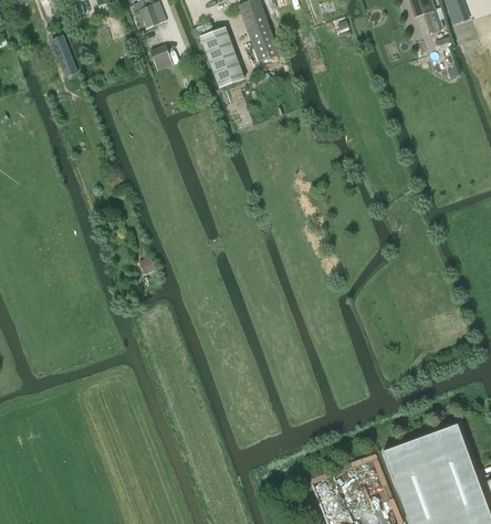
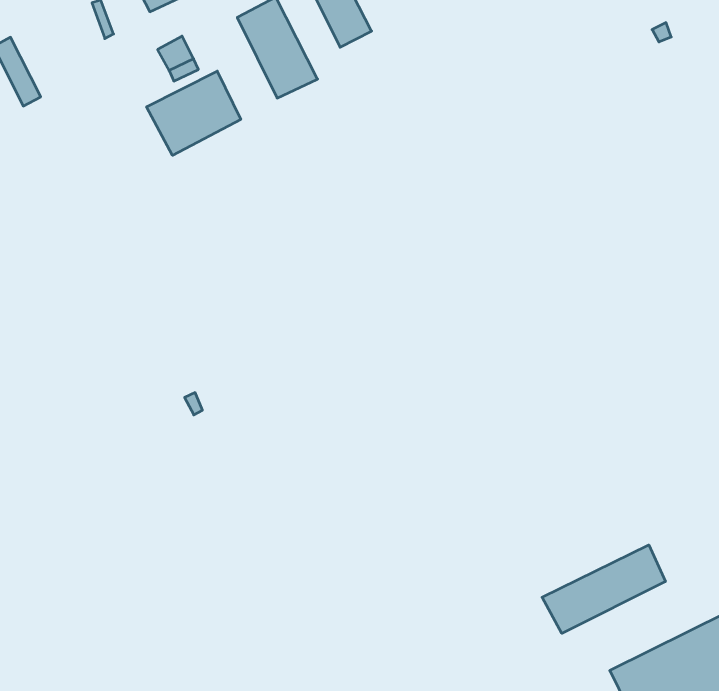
building: none -> [147,71,241,155]
building: none -> [542,545,665,633]

